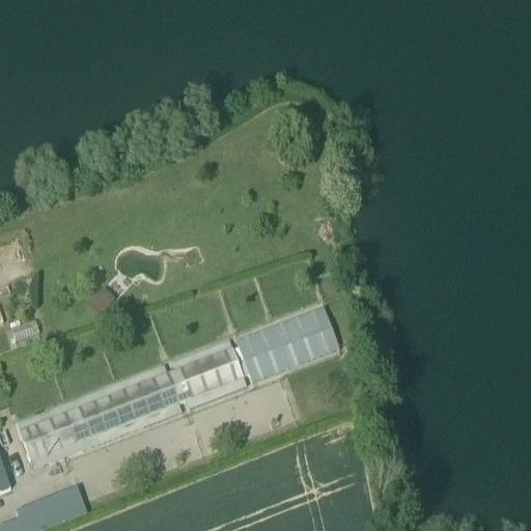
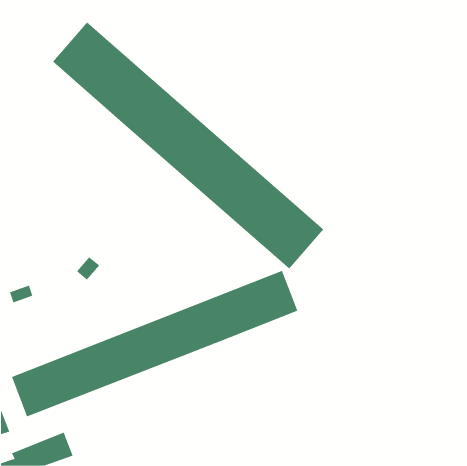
building: none -> [52,21,324,270]

